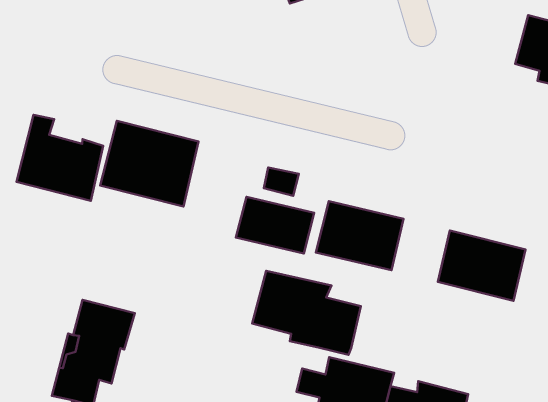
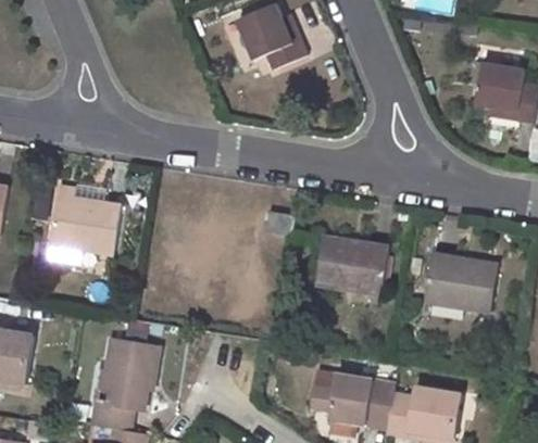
building: [100,121,199,206] -> none
building: [236,197,314,254] -> none
building: [252,271,361,355] -> none

